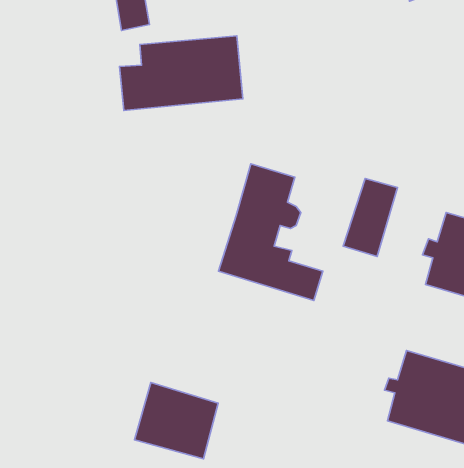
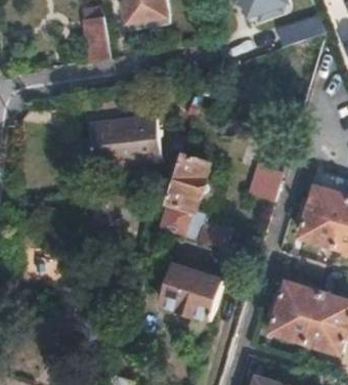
building: [119,36,243,111] -> [71,117,157,169]
building: [135,382,218,459] -> [164,264,222,317]

